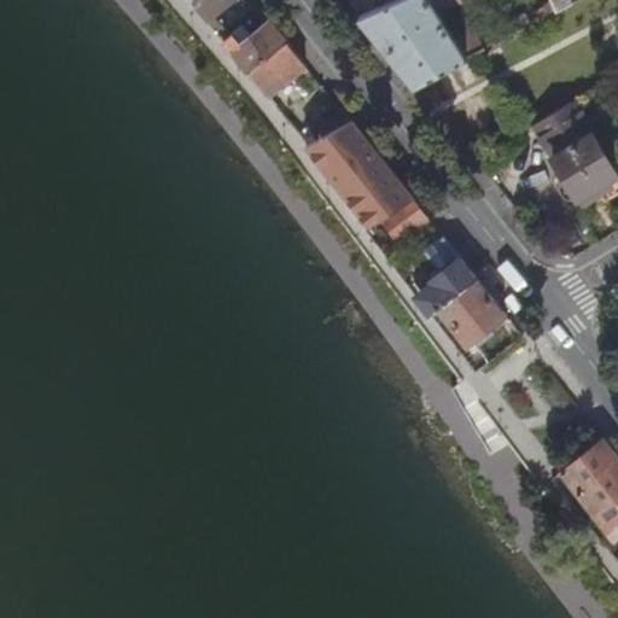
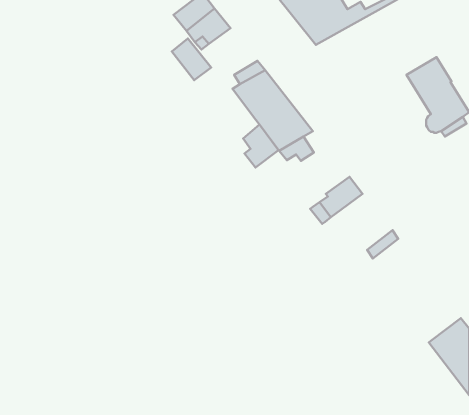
building: none -> [172,39,211,80]
building: none -> [243,125,279,167]
building: [438,281,505,346] -> none

